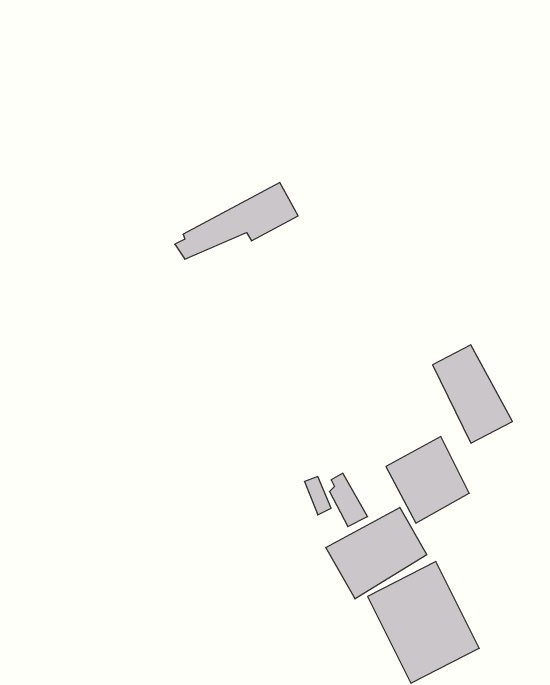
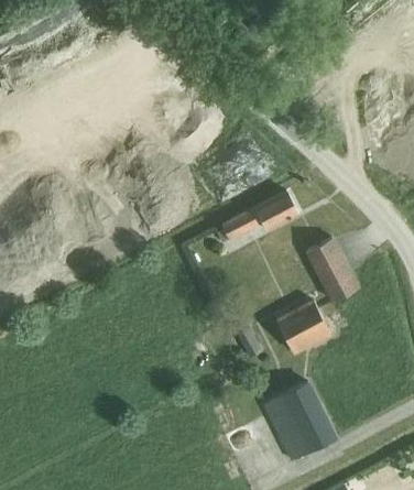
building: [175,183,298,259] -> [217,190,298,241]
building: [326,507,427,599] -> none

